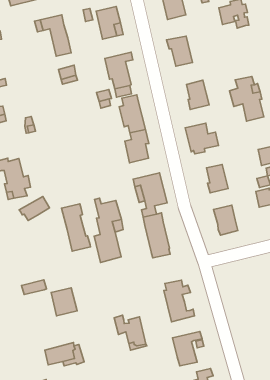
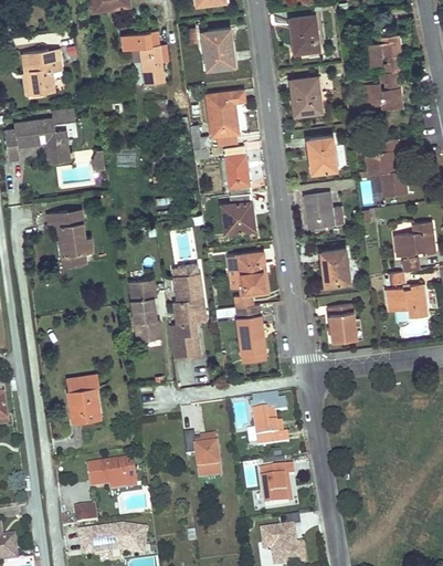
building: none -> [363,71,400,108]
building: [19,197,50,220] -> none
building: [51,288,77,316] -> [70,387,101,421]

